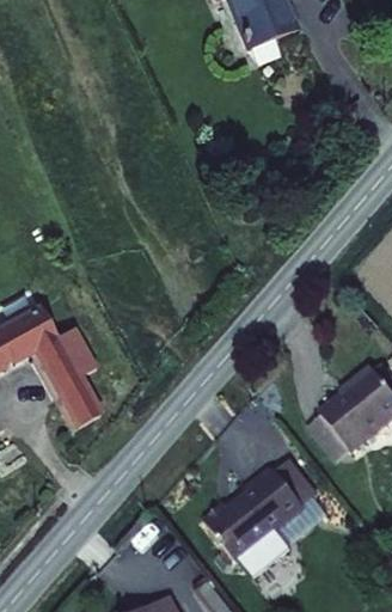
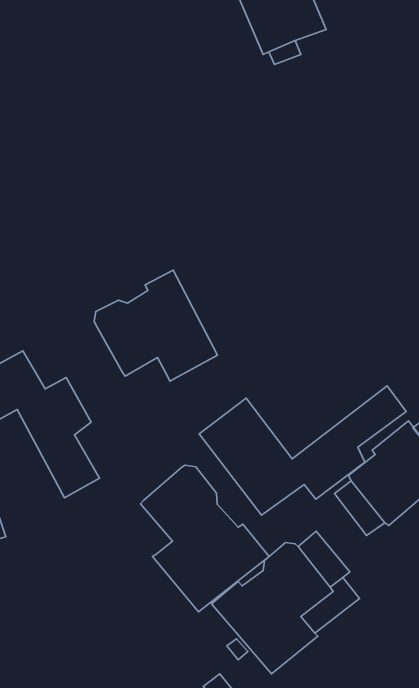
building: none -> [94,270,217,381]
building: none -> [199,386,406,515]
building: none -> [140,465,269,612]

